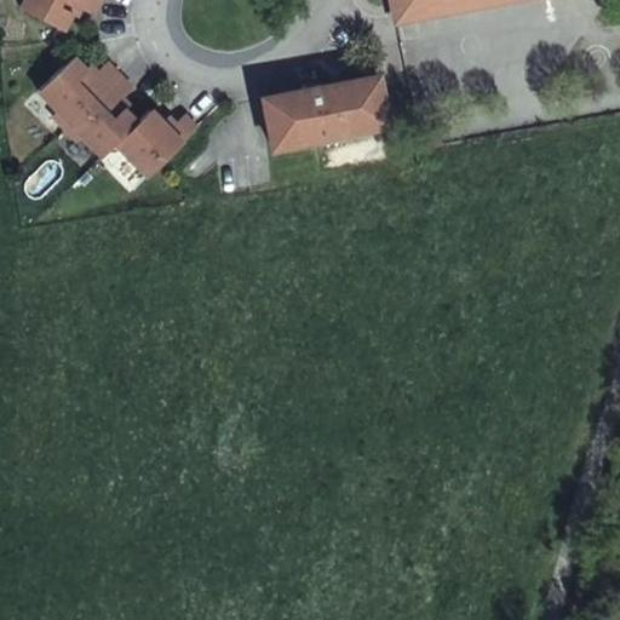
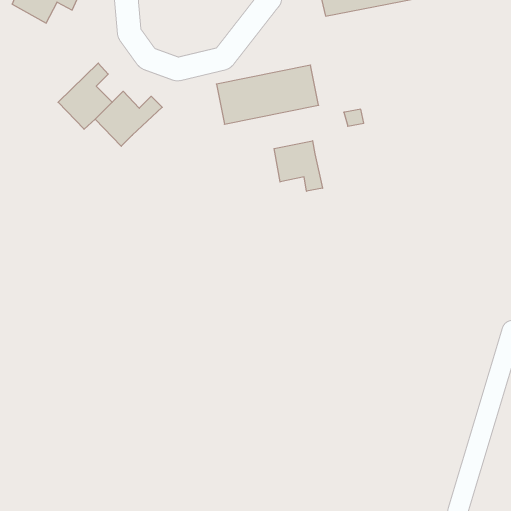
building: [39,58,120,124] -> none
building: none -> [274,141,323,191]

